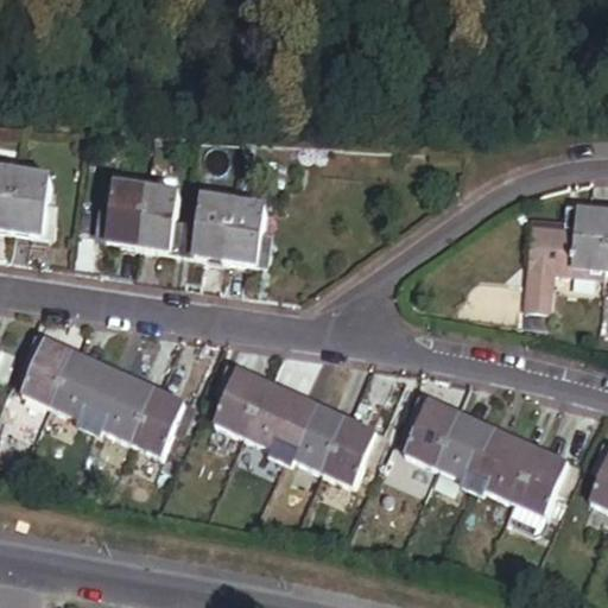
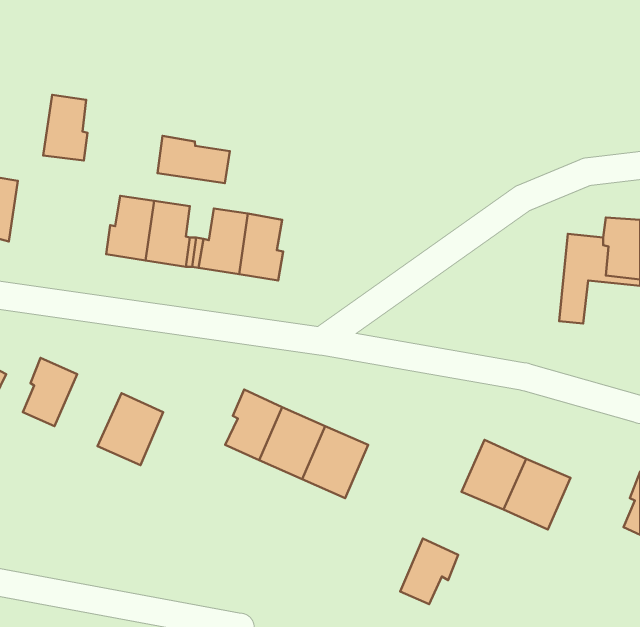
building: none -> [157,136,230,183]
building: [8,170,50,232] -> [43,95,88,161]
building: [51,352,114,419] -> none
building: [132,387,189,450] -> none
building: [403,397,455,462] -> none
building: [324,418,379,480] -> [400,538,458,604]
building: [514,449,568,509] -> none

